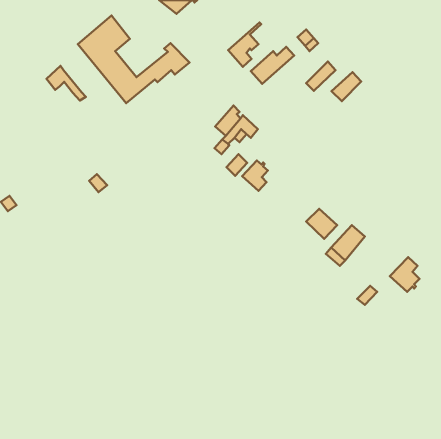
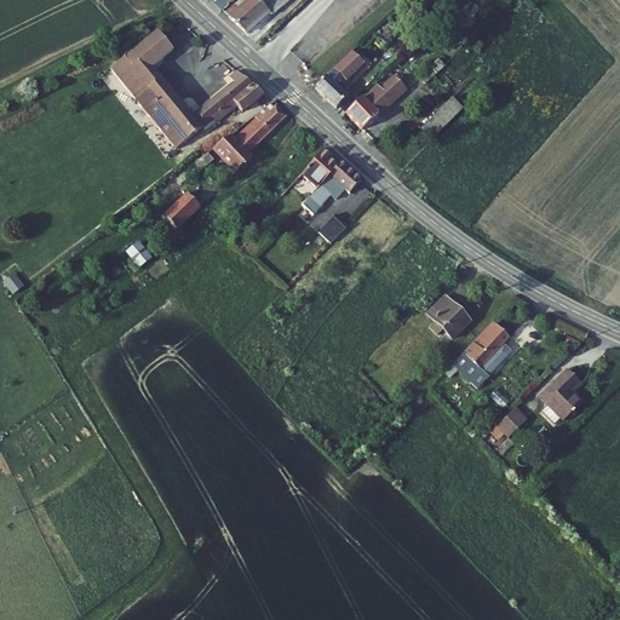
building: [47,66,86,101] -> none
building: none -> [214,103,289,168]
building: [331,72,361,101] -> none
building: none -> [166,196,201,230]
building: [242,160,268,191] -> none

